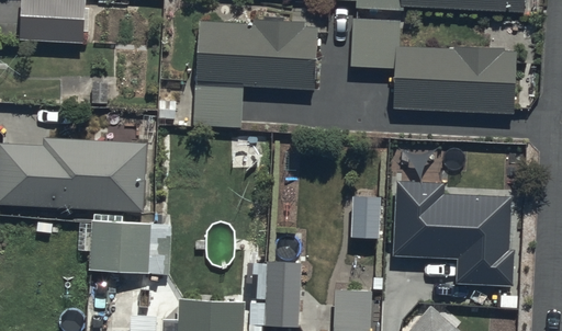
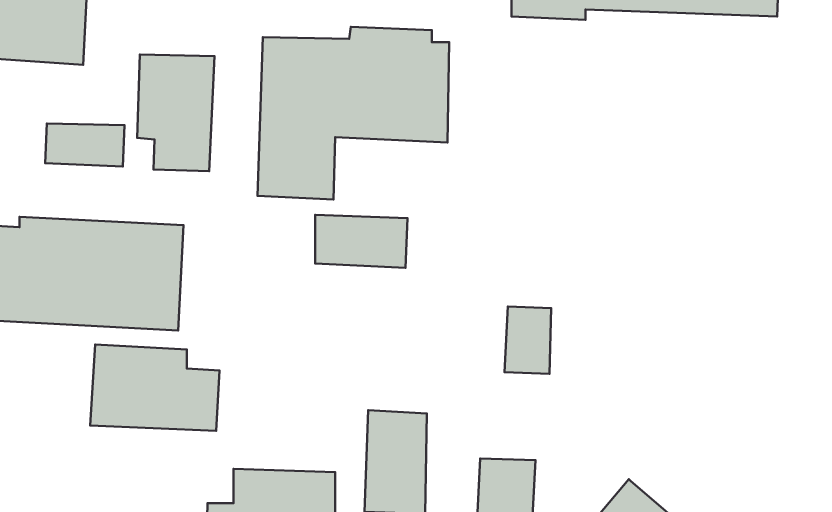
building: [349,19,516,114] -> none
building: none -> [137,54,215,171]
building: none -> [315,215,407,268]
building: [393,182,514,285] -> none

